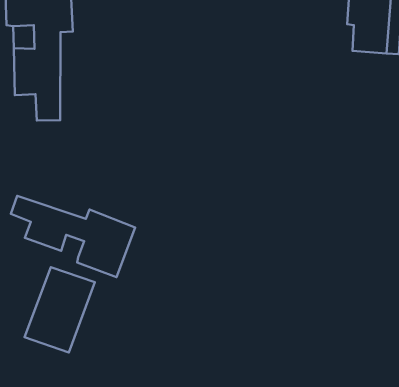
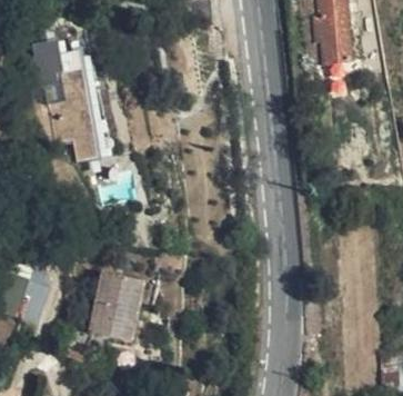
building: [11,196,135,277] -> none

